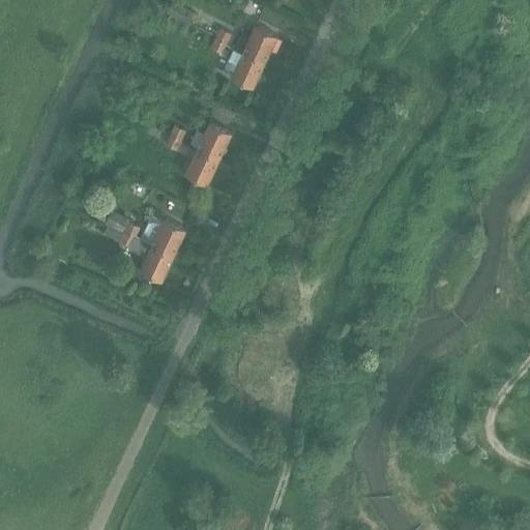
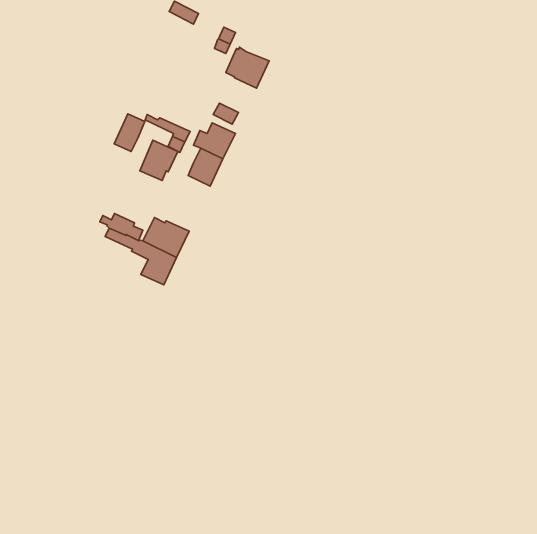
building: [242,27,277,63] -> none
building: none -> [114,114,145,152]
building: none -> [140,140,178,180]

